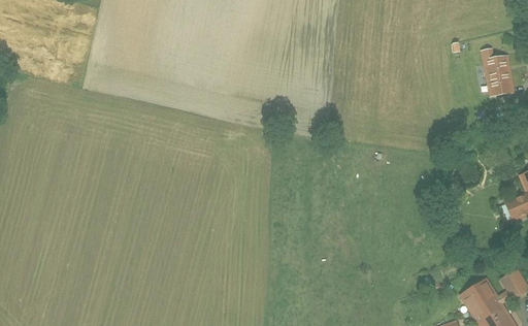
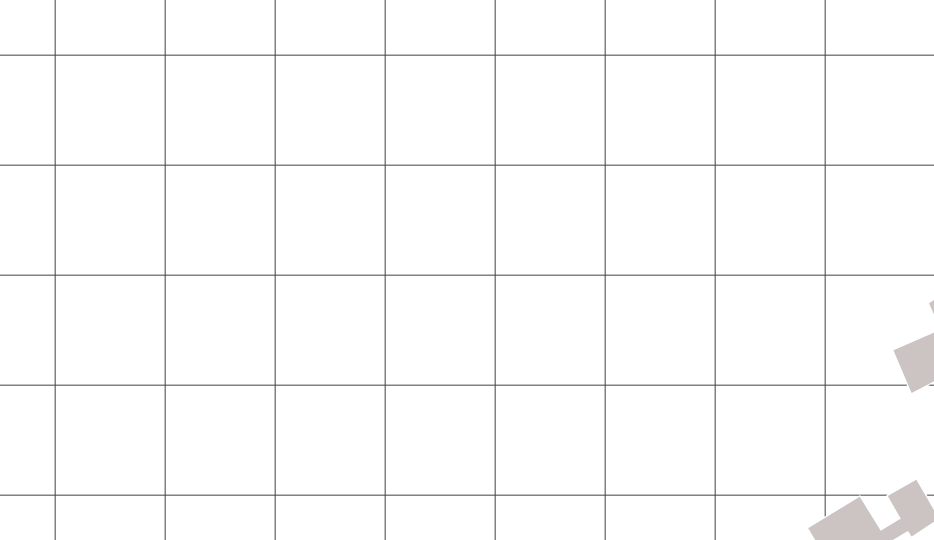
building: [484,50,517,95] -> none

